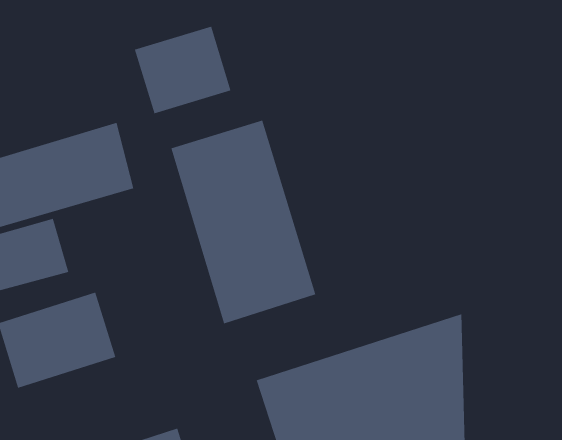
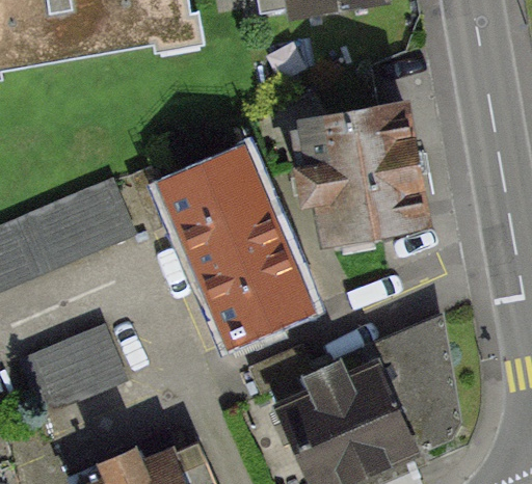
building: [134,26,231,114] -> none
building: none -> [296,119,410,227]

